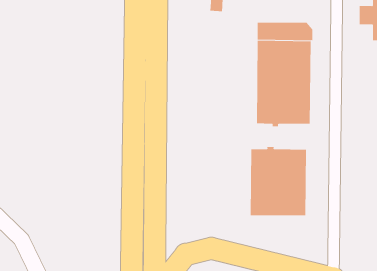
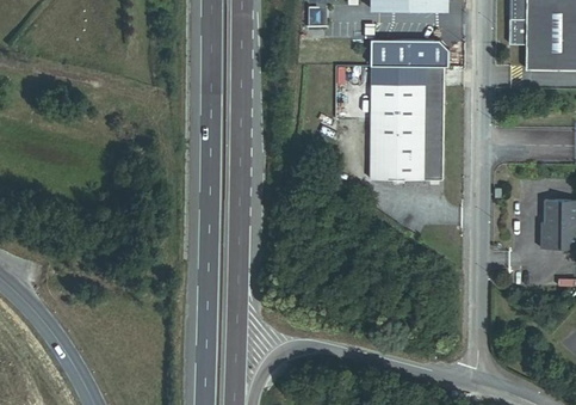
building: [250,146,307,216] -> none

